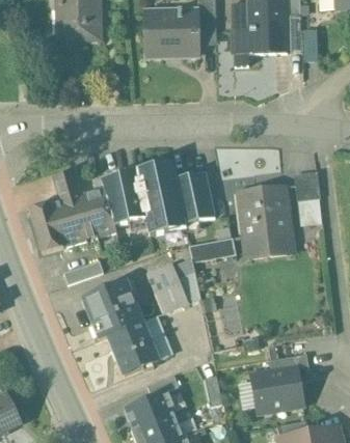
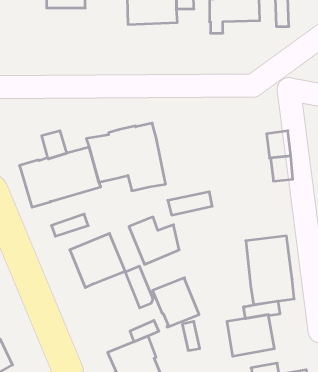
building: [176,171,215,223] -> none
building: [240,185,292,258] -> [246,236,294,305]
building: [108,321,158,373] -> [153,278,199,327]

